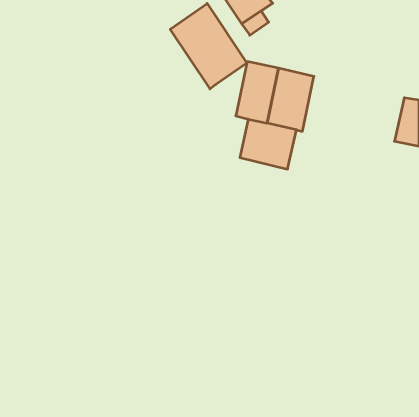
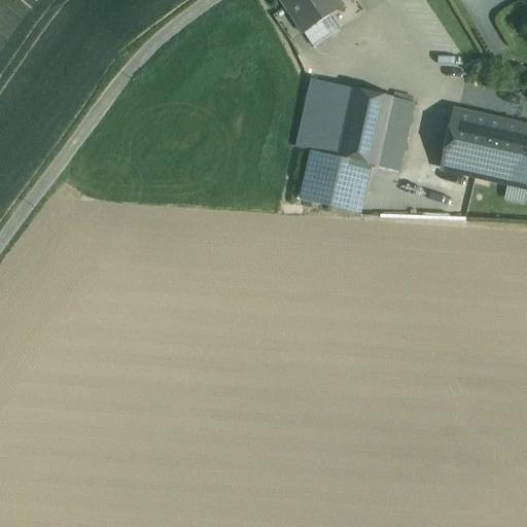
building: [170,3,247,89] -> none
building: none -> [379,96,414,169]
building: none -> [443,110,506,177]

